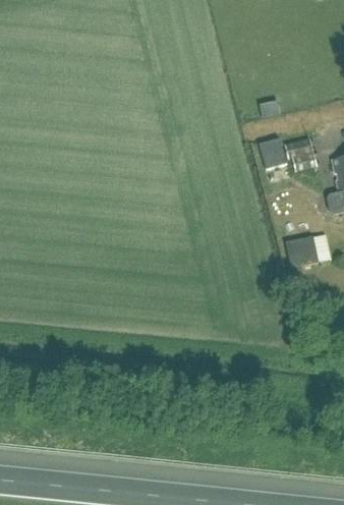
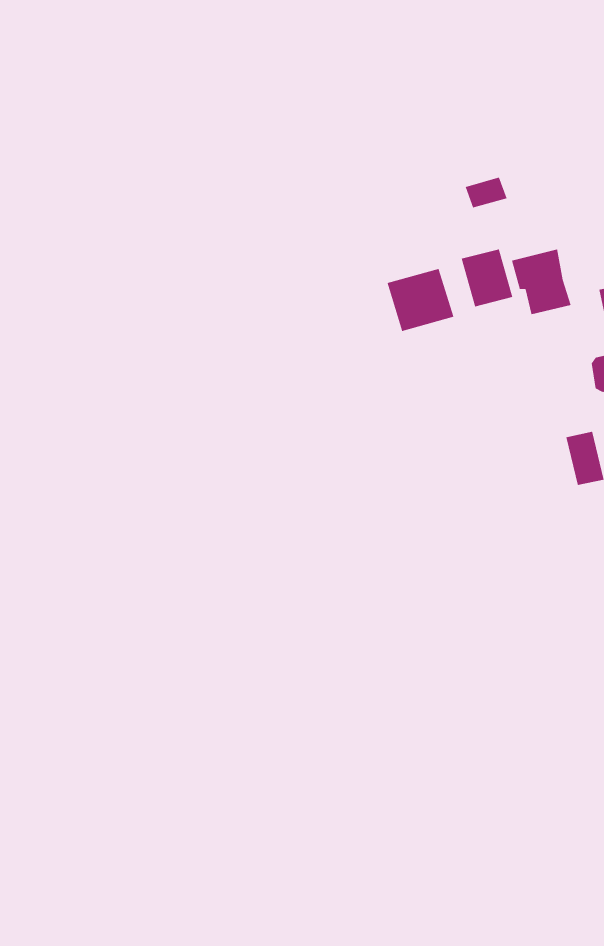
building: none -> [387,268,454,332]
building: [286,237,310,267] -> none

